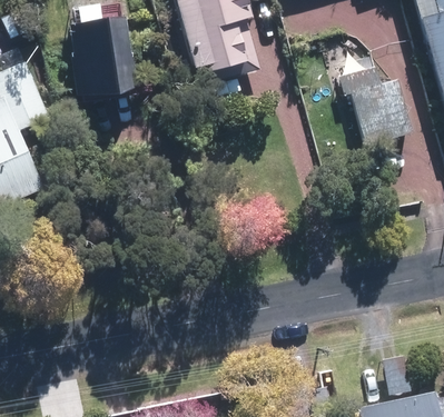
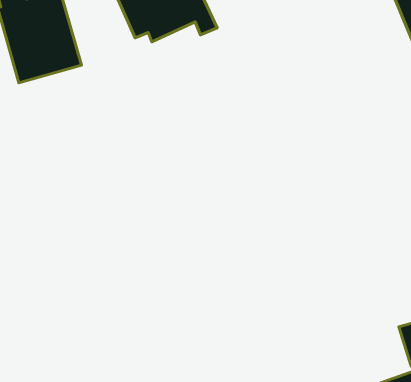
building: [359,66,412,141] -> none

